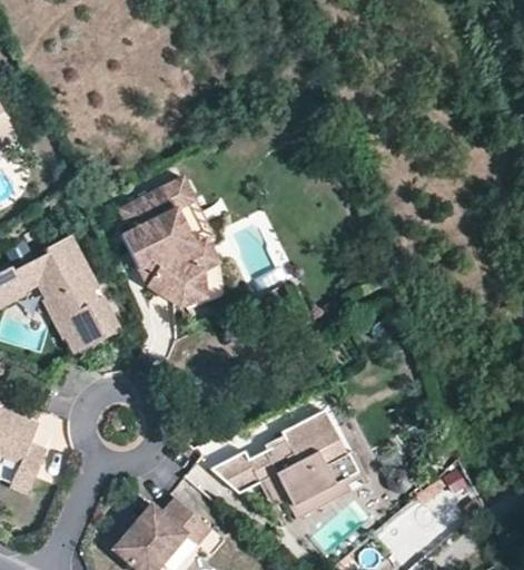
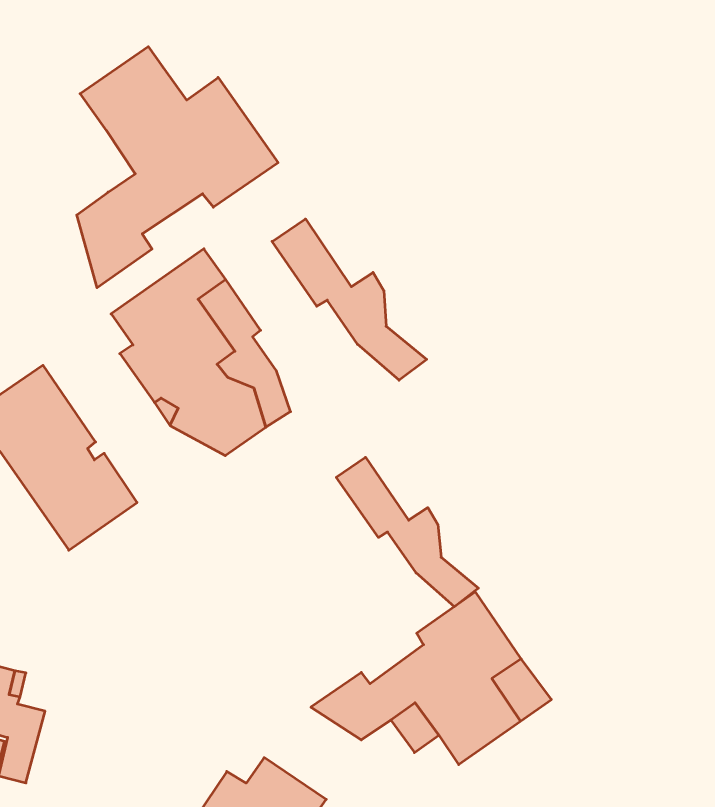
building: none -> [77,47,278,288]
building: none -> [272,219,427,380]
building: none -> [336,457,478,607]

